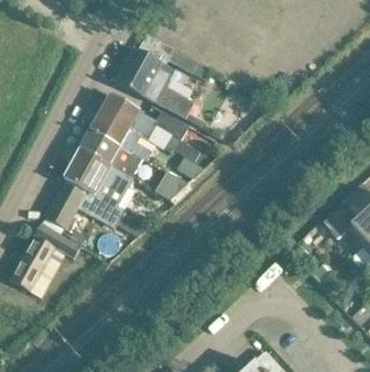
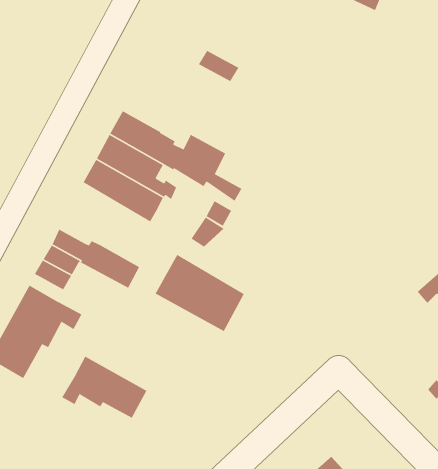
building: [116,46,204,125] -> none
building: [64,146,131,205] -> [155,254,245,332]
building: none -> [61,356,147,419]

